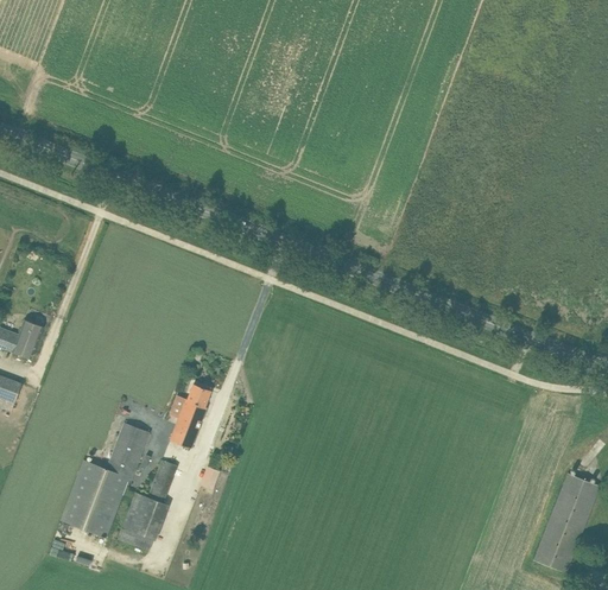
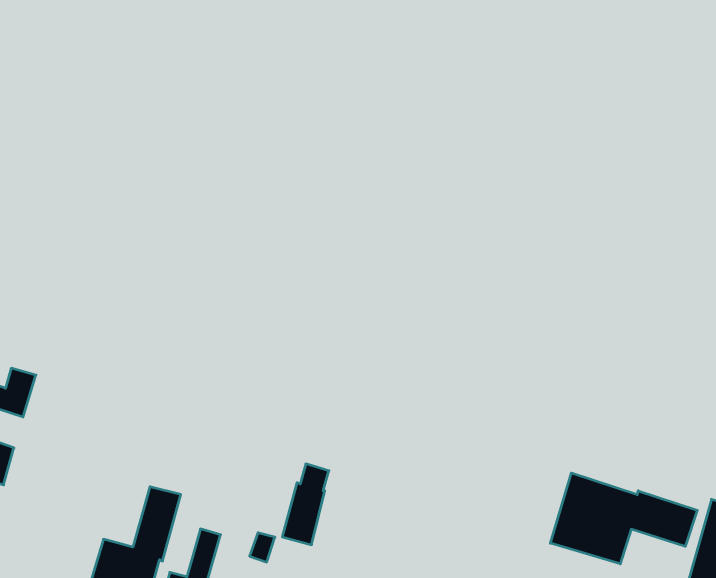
building: [169,383,210,448] -> [282,464,329,545]
building: none -> [550,473,697,564]

